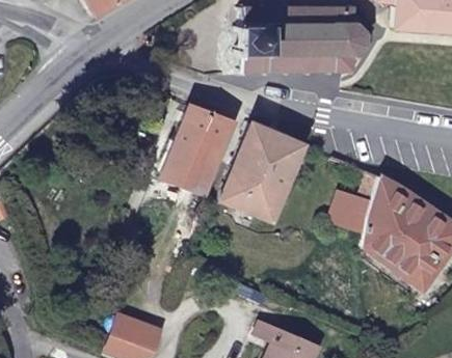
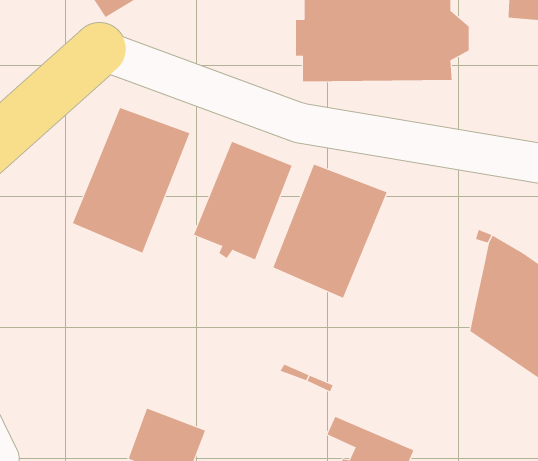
building: none -> [72,107,190,254]
building: [334,198,373,236] -> none

